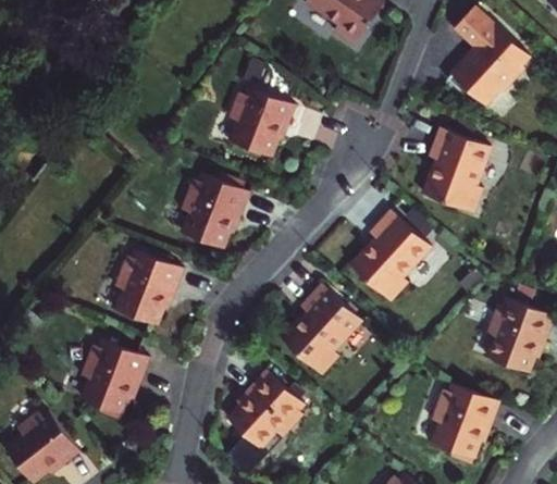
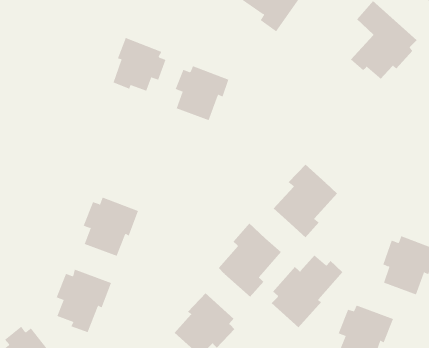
building: none -> [113,37,166,92]
building: [423,127,491,213] -> none
building: [181,174,250,248] -> none
building: none -> [271,254,343,328]

